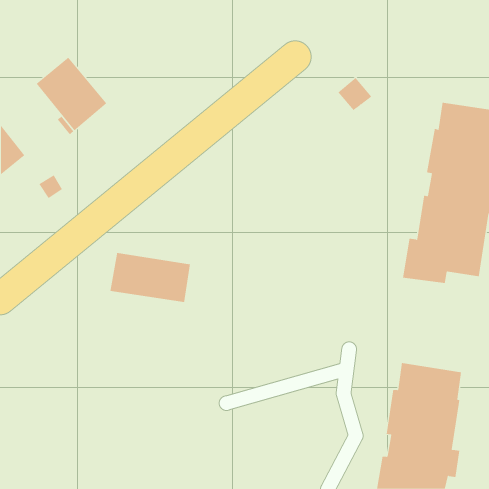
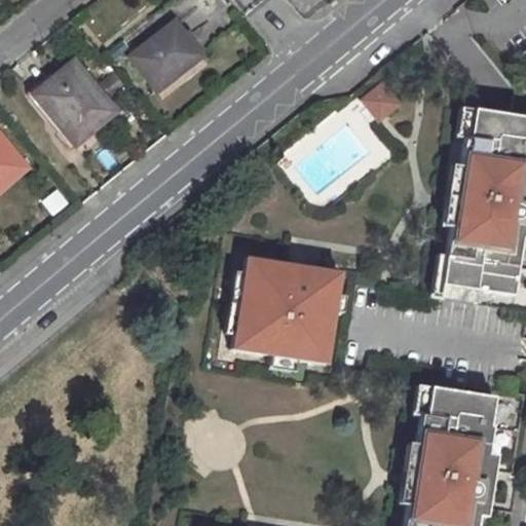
building: none -> [134,20,204,88]
building: none -> [233,255,343,362]
building: [110,252,190,303] -> none

